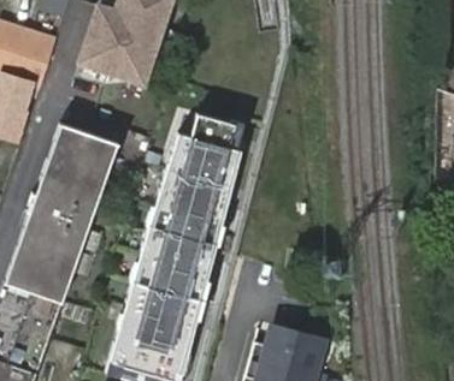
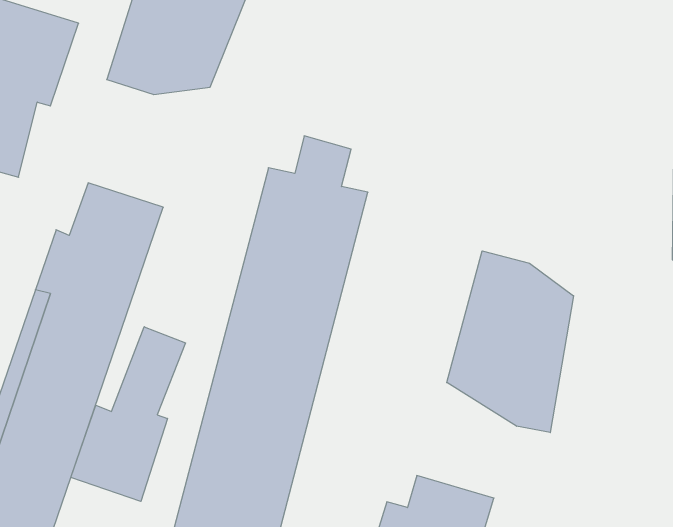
building: [42,121,117,175] -> none
building: none -> [447,251,574,433]
building: none -> [71,327,186,501]

